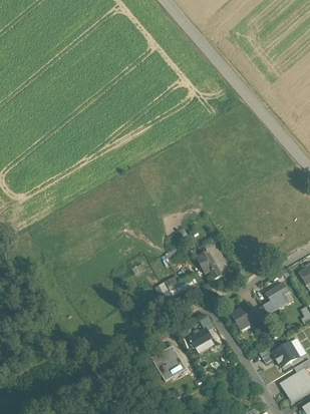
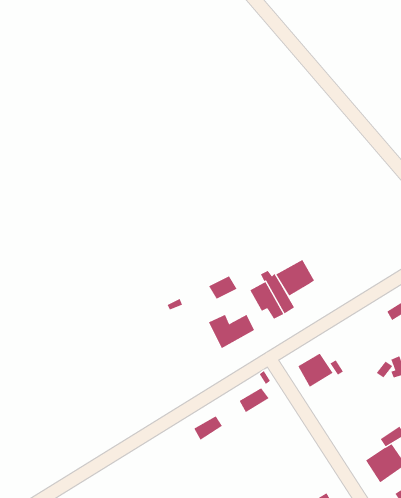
building: none -> [276,259,315,296]
building: [263,282,288,313] -> none
building: [272,342,299,368] -> none

